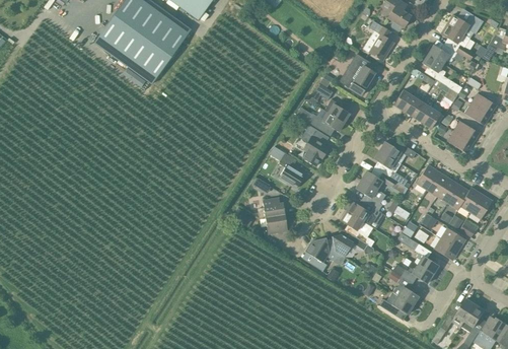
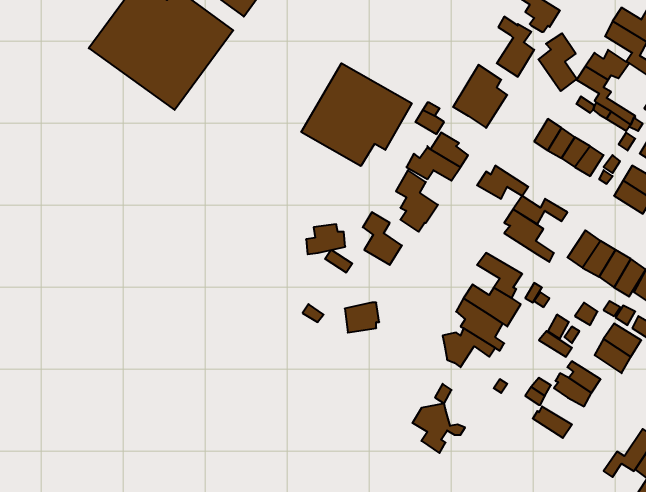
building: none -> [538,33,577,91]
building: none -> [301,63,412,166]
building: [361,166,395,189] -> [477,166,528,199]
building: [258,198,284,218] -> [306,224,345,254]
building: [304,237,340,271] -> [412,403,465,453]
building: [379,291,413,313] -> none

